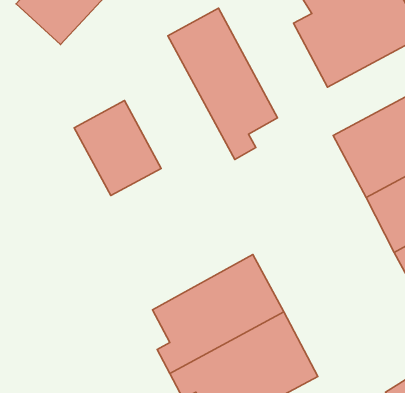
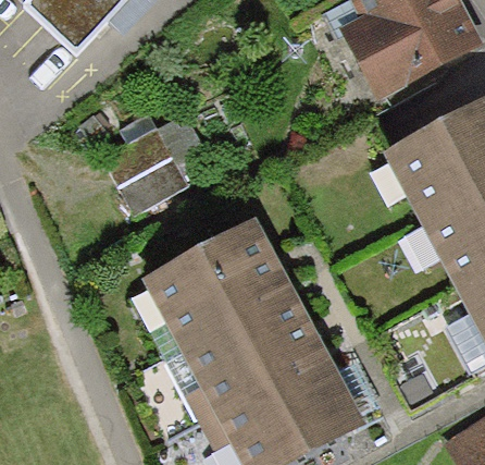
building: [168,8,277,160] -> none
building: none -> [141,217,293,348]

